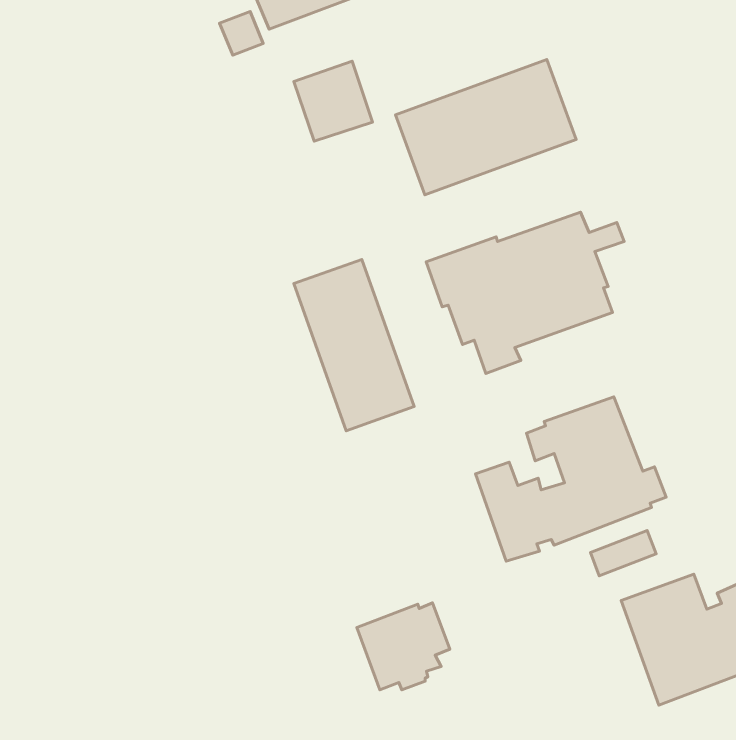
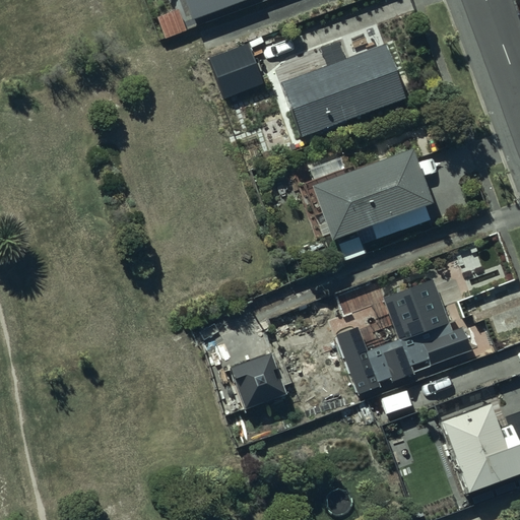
building: [294,259,414,431] -> none
building: [357,603,450,690] -> [229,348,294,409]

